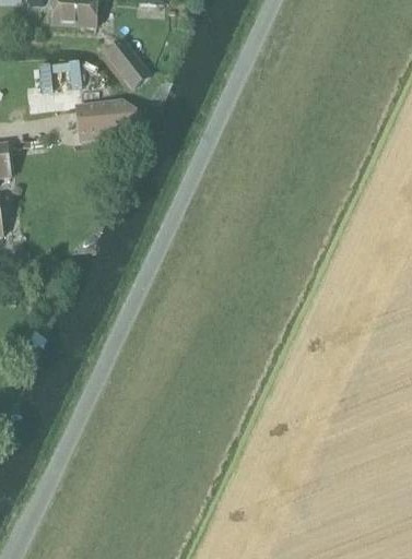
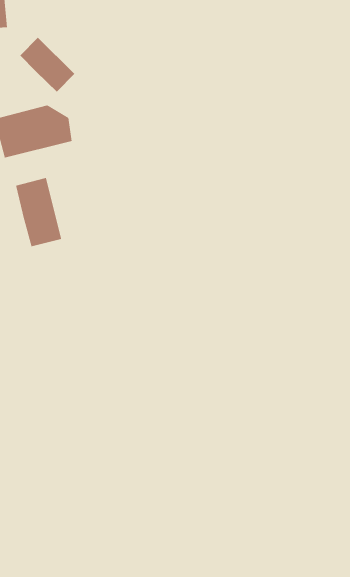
building: none -> [15,177,62,247]

